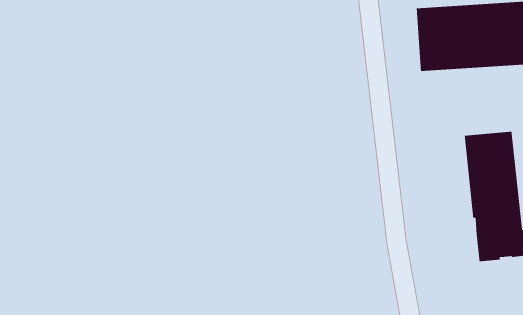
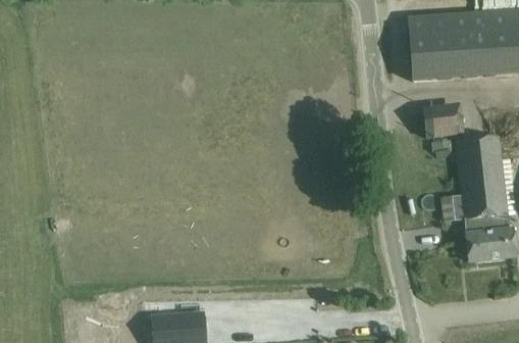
building: none -> [422,104,463,138]

